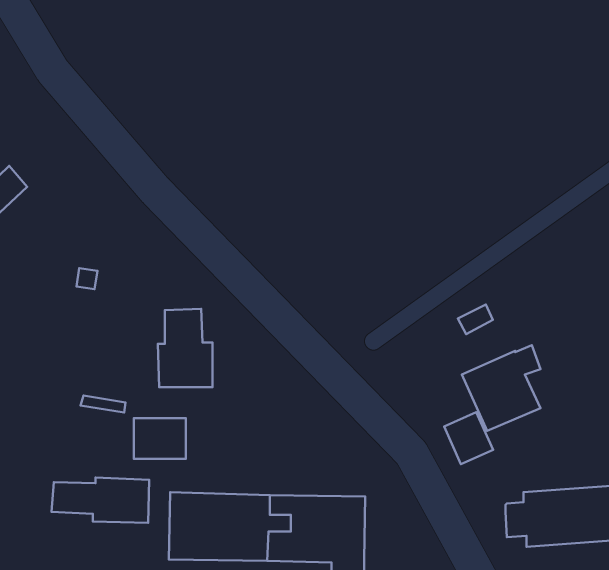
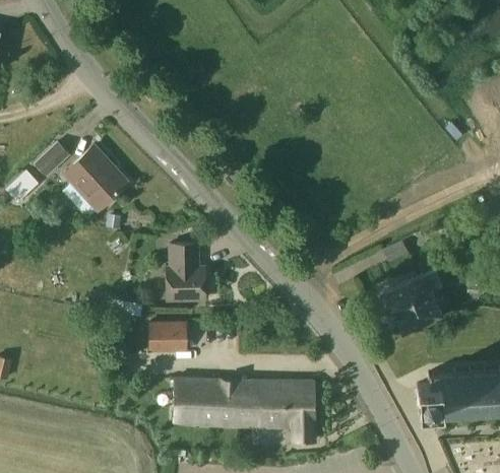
building: none -> [63,145,128,210]
building: [444,412,493,464] -> none
building: [51,477,149,523] -> none

